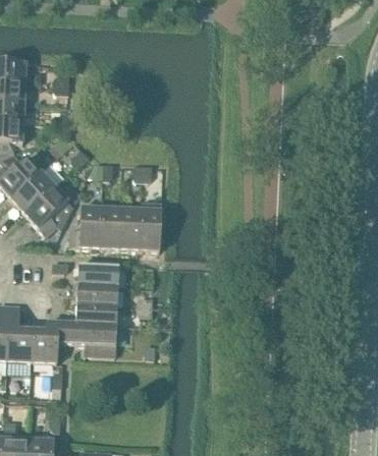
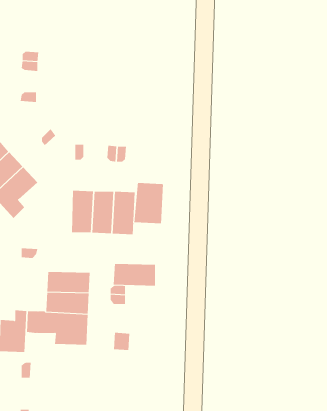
building: none -> [134,182,163,224]
building: [69,206,101,247] -> none
building: [77,264,118,285] -> [113,264,156,286]

